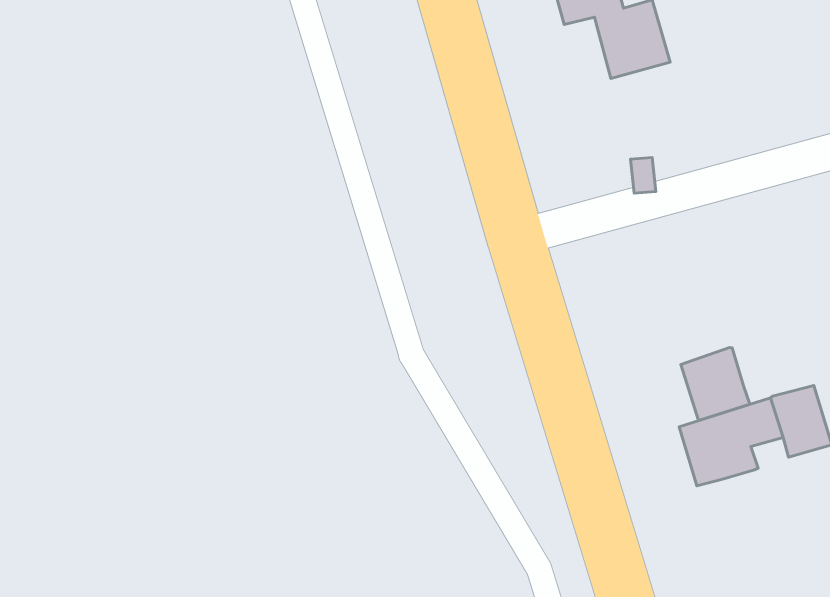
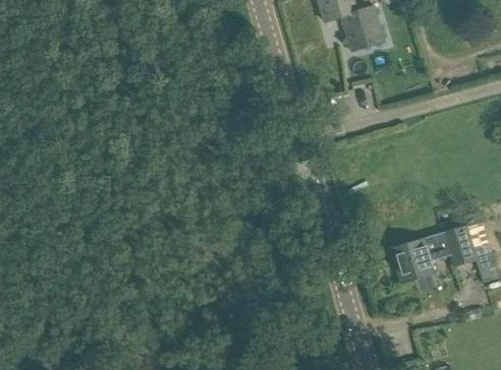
building: [681,348,750,421] -> none

